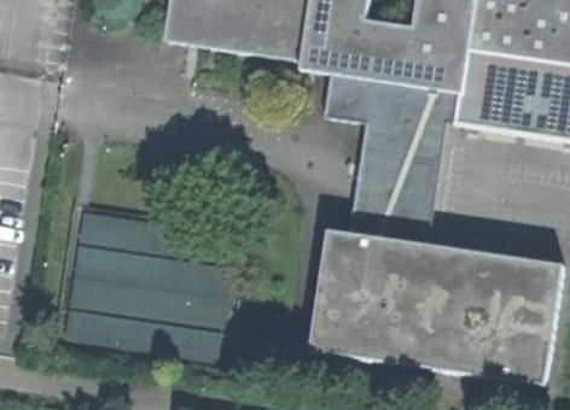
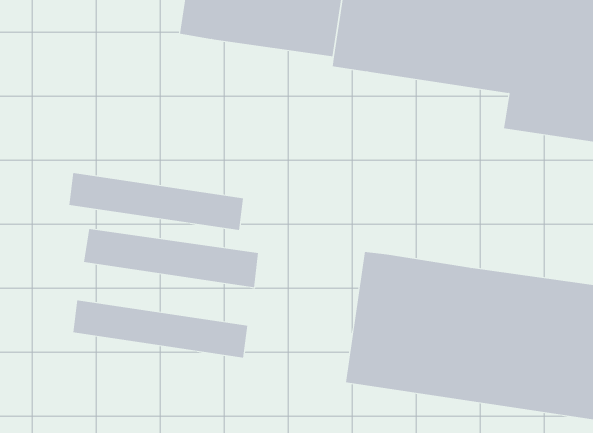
building: [326,72,459,247] -> none
building: [74,245,231,297] -> [68,173,244,231]
building: [63,309,221,361] -> none

